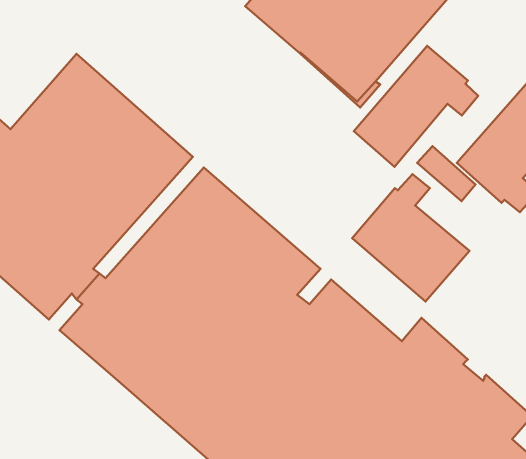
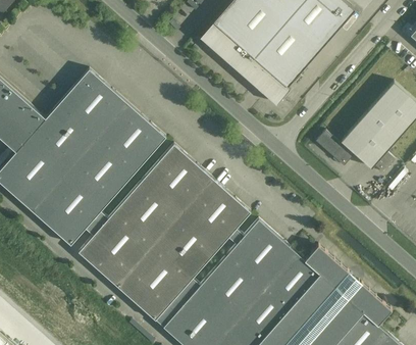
building: [354,46,478,167] -> none
building: [352,174,470,301] -> none

